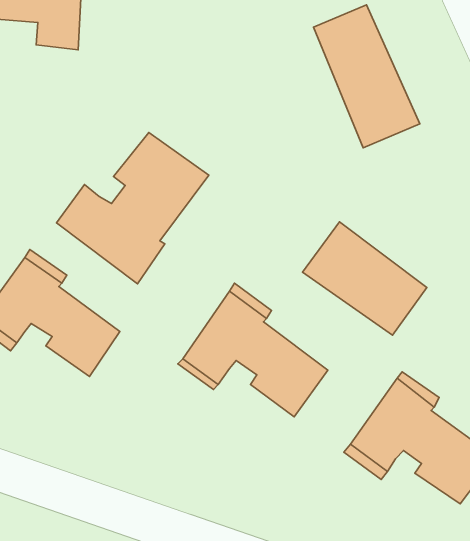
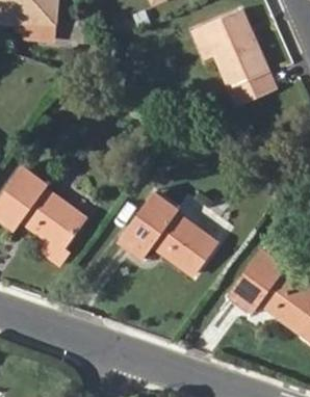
building: [56,133,209,284] -> none
building: [303,222,427,335] -> none

